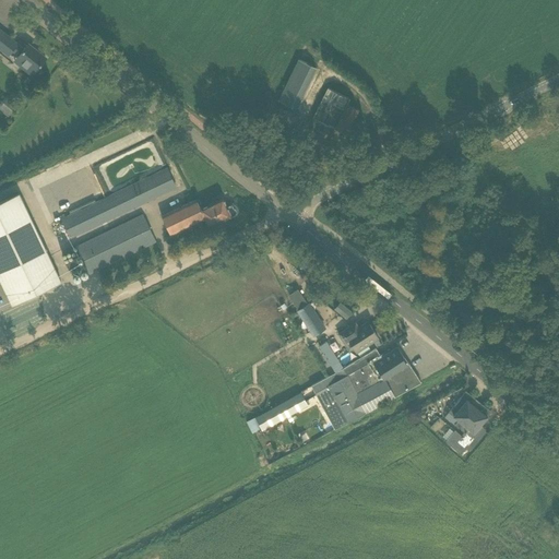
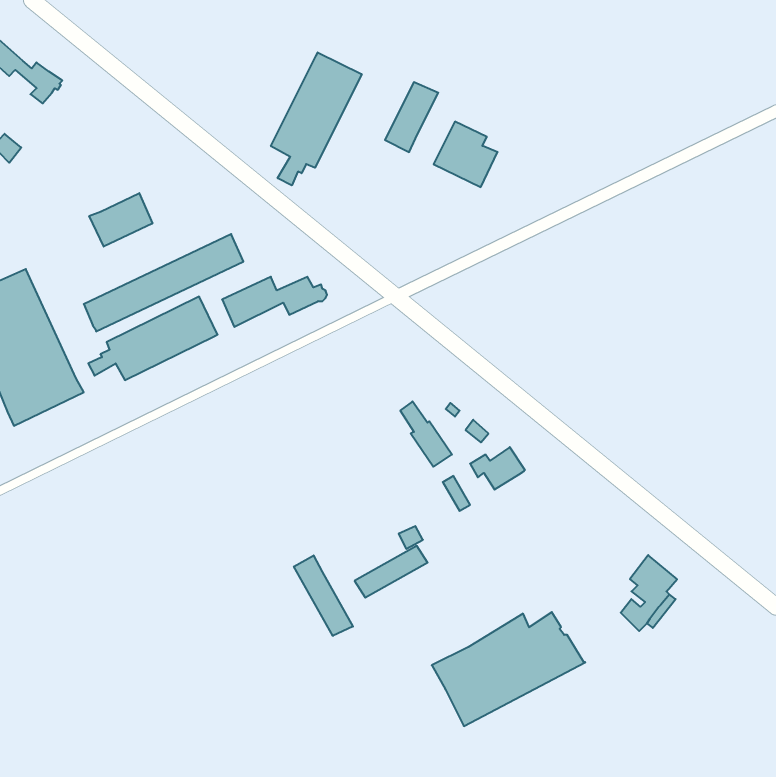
building: none -> [271,52,362,185]
building: none -> [89,193,152,247]
building: [309,346,419,428] -> [432,612,585,726]
building: none -> [294,555,353,636]

